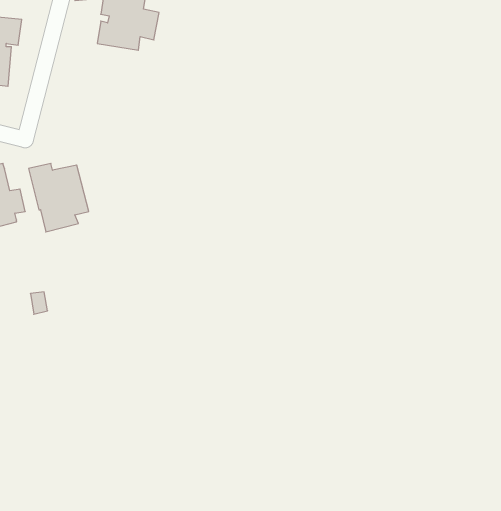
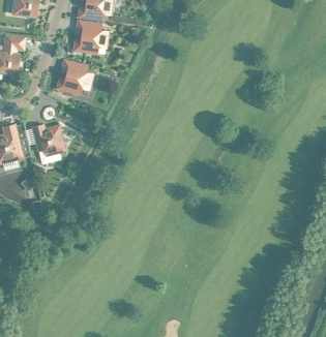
building: none -> [55,57,94,94]

